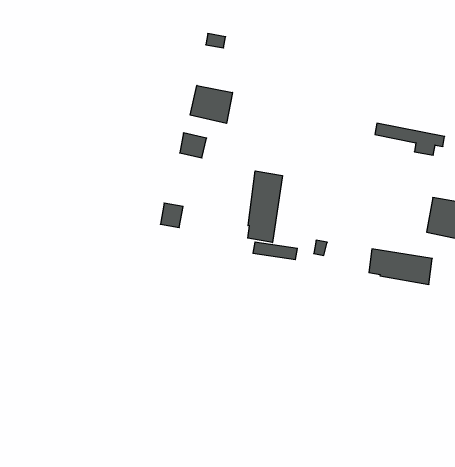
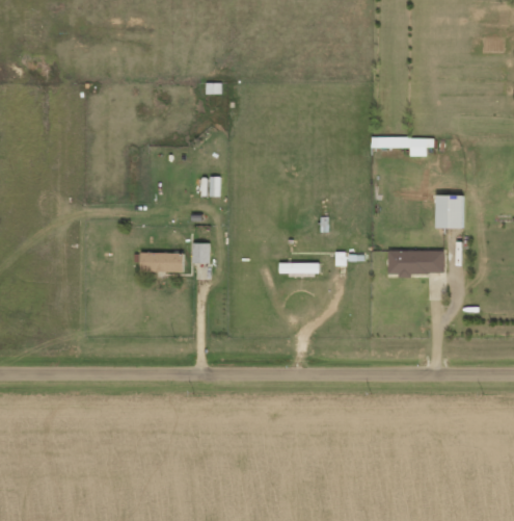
building: [190,85,232,123] -> none
building: [248,171,282,243] -> none
building: none -> [140,252,185,271]

